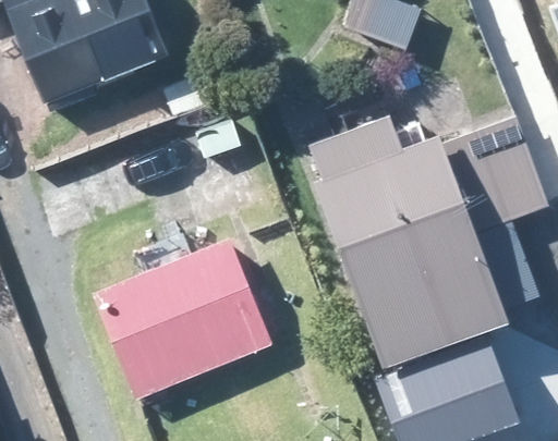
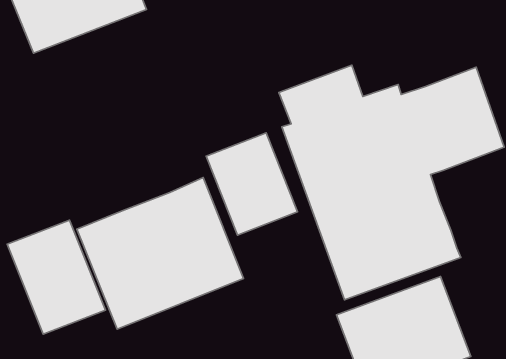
building: none -> [206,133,298,235]
building: none -> [7,220,105,334]

